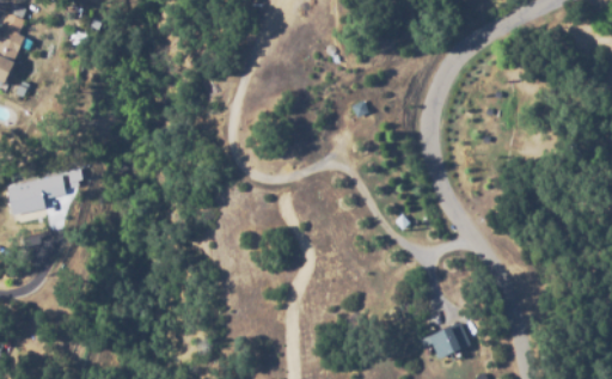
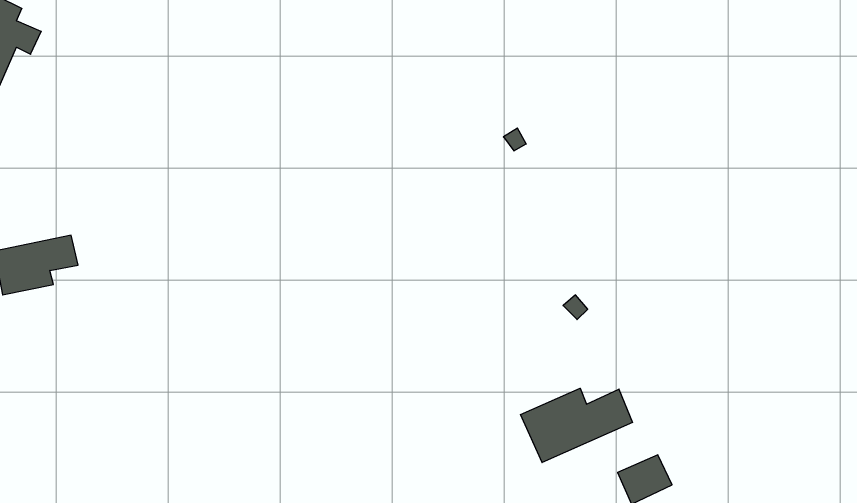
building: none -> [520,388,632,463]

